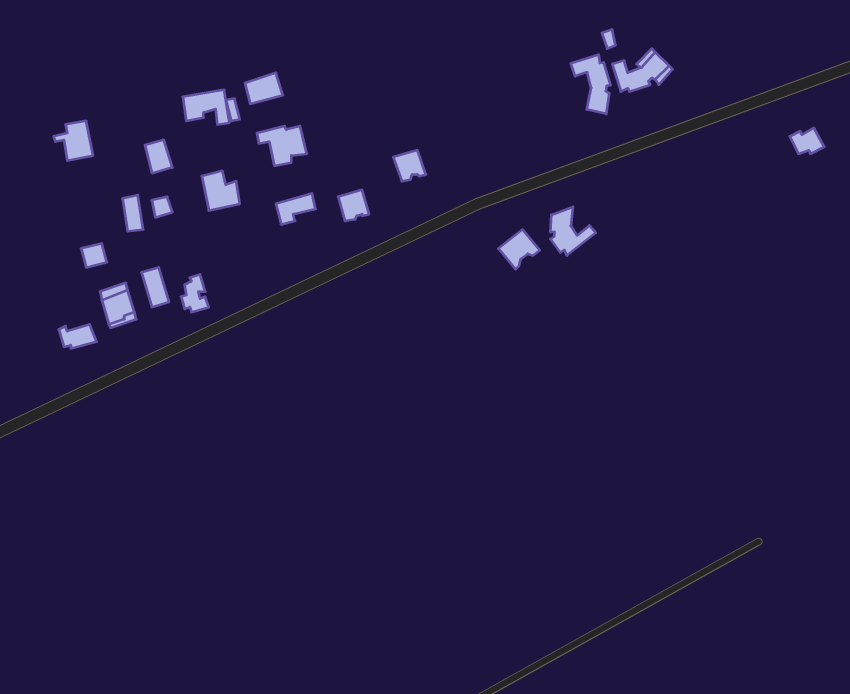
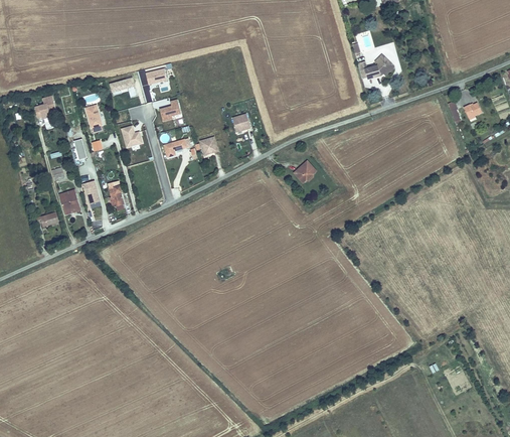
building: [571,55,610,114] -> none
building: [550,207,596,256] -> none

